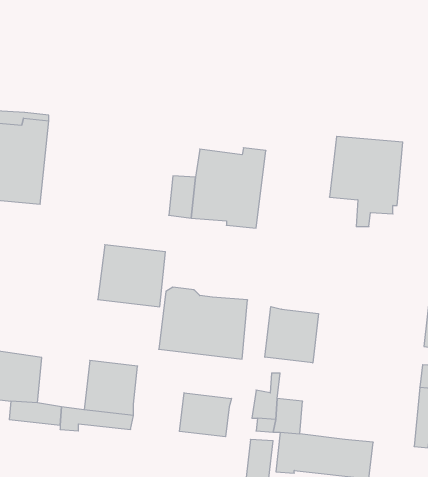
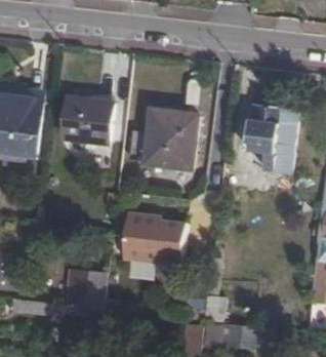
building: [98,245,165,307] -> [60,97,110,143]
building: [265,307,318,363] -> none
building: [179,393,231,437] -> none

